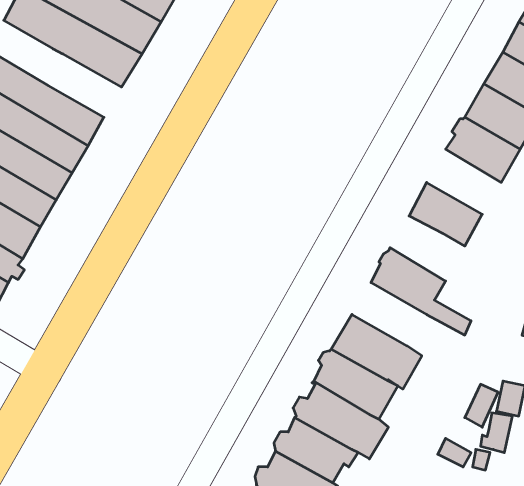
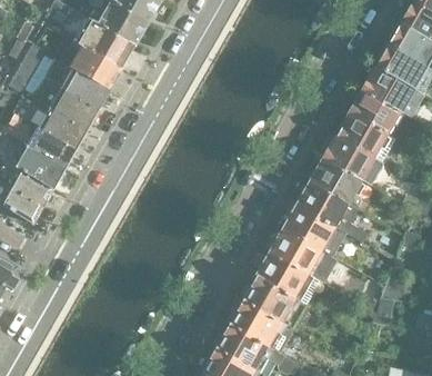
building: none -> [58,46,122,90]
building: none -> [335,112,394,162]
building: none -> [310,159,375,218]
building: none -> [283,206,345,257]

